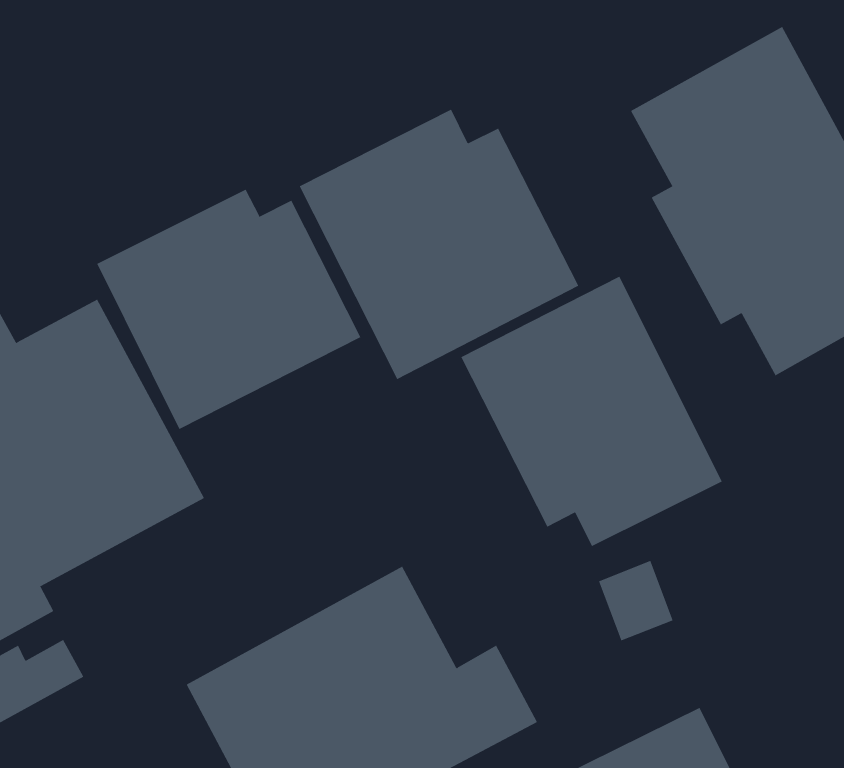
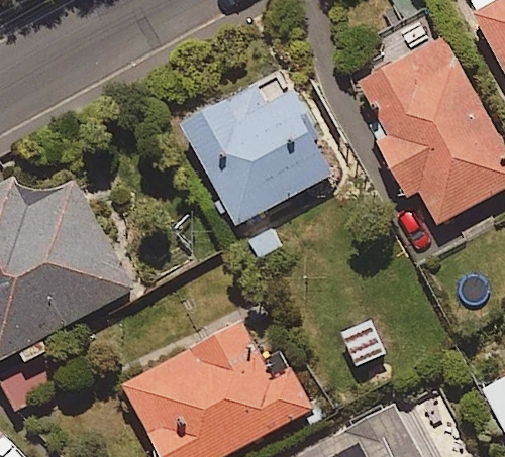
building: [97,189,361,430] -> none
building: [461,276,722,547] -> none

